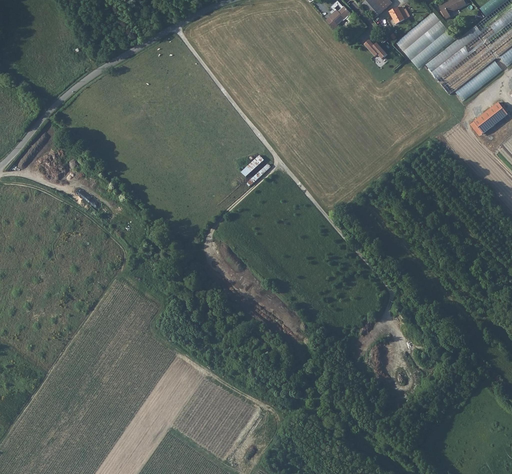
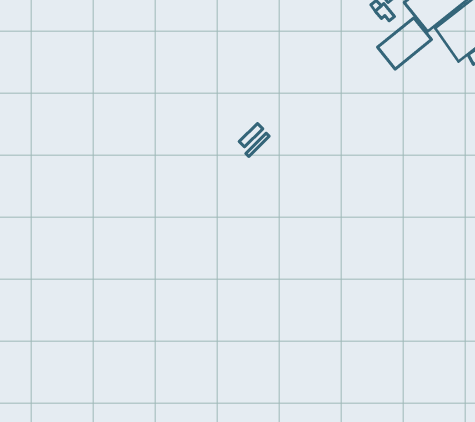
building: none -> [378,18,432,69]

